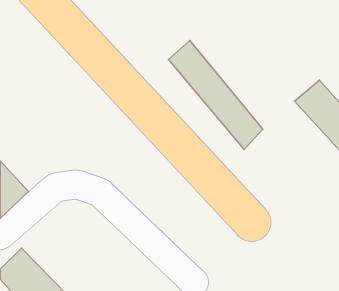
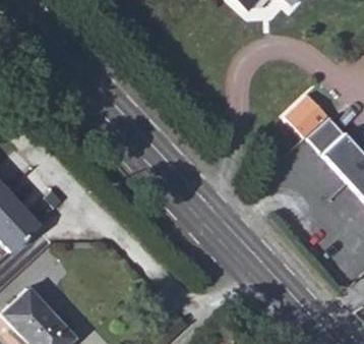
building: [169,41,263,150] -> none
building: none -> [283,93,327,137]

